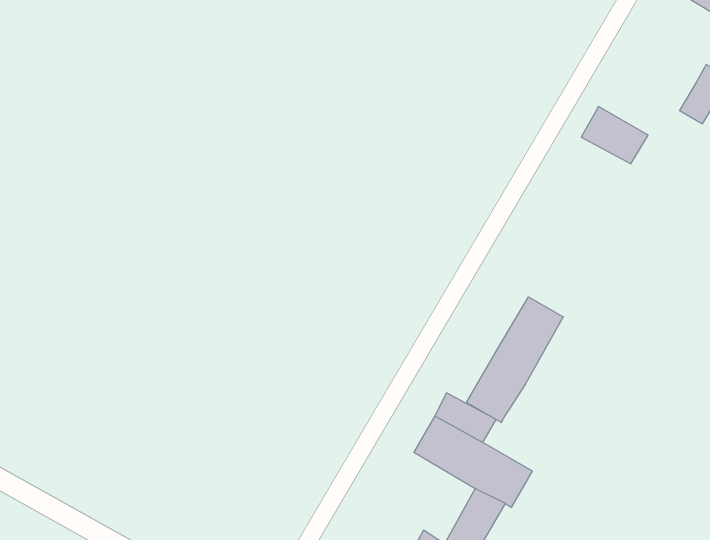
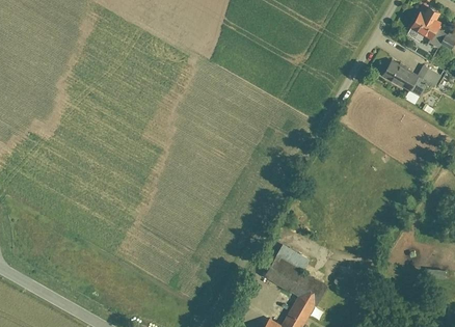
building: [581,107,648,164] -> [381,59,418,90]
building: [467,297,563,423] -> none

